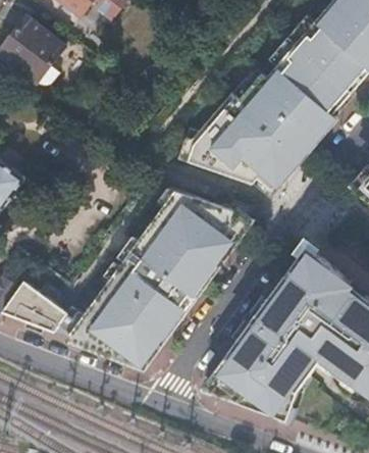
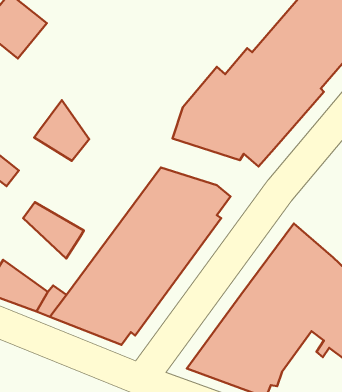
building: none -> [34,100,89,161]
building: none -> [23,202,84,258]

